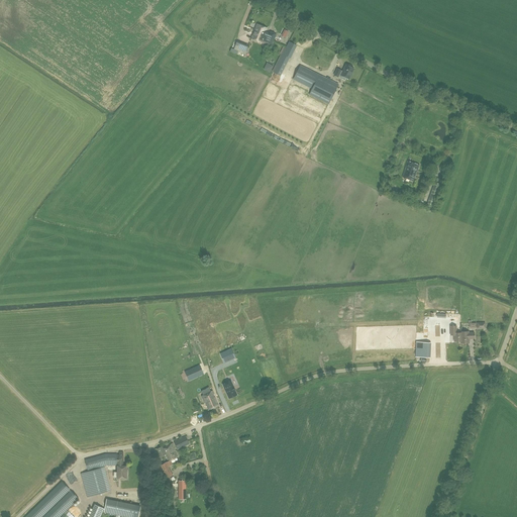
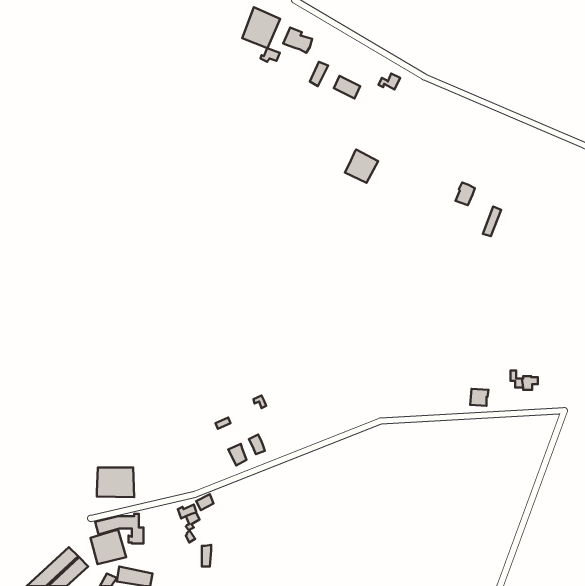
building: none -> [242,7,280,48]
building: [308,75,337,104] -> [345,150,378,183]
building: none -> [97,467,134,497]

